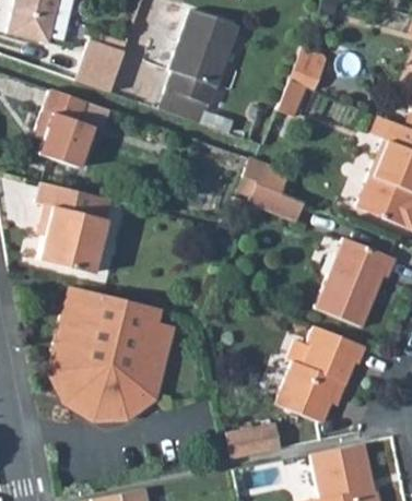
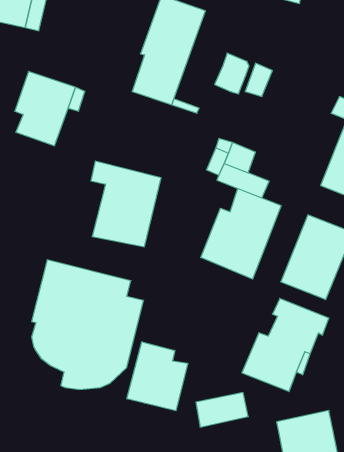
building: [75,39,123,92] -> none
building: [289,47,325,90] -> [215,53,249,94]
building: [36,181,109,271] -> [91,161,161,247]
building: none -> [201,189,281,279]
building: none -> [127,342,188,411]

